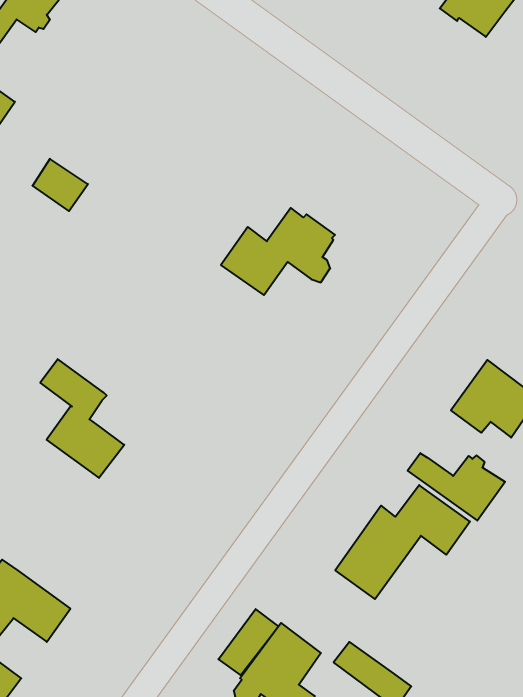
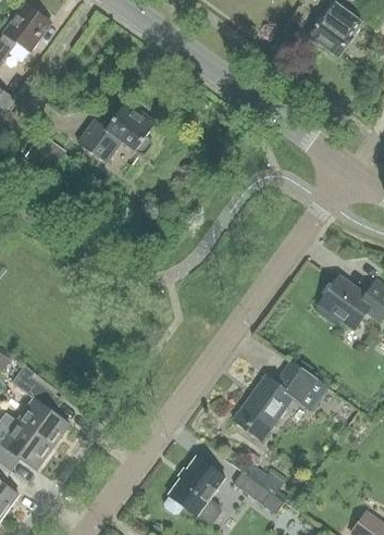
building: [221,208,335,295] -> [76,103,154,163]
building: [40,359,124,478] -> [12,364,70,446]
building: [408,453,505,521] -> none
building: [218,609,278,675] -> none

